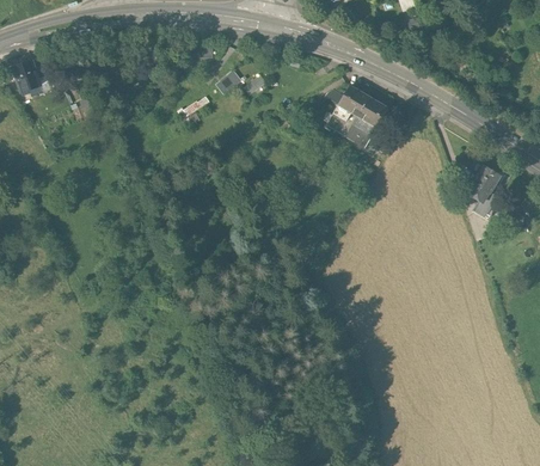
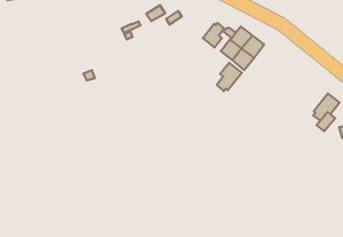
building: none -> [203,23,224,47]
building: none -> [217,63,242,91]

